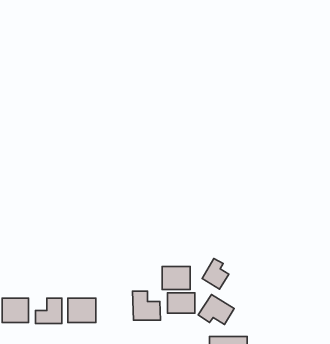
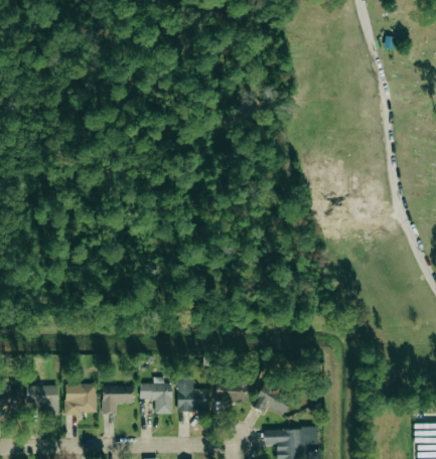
building: [202,259,229,289] -> none
building: [162,267,190,290] -> none
building: none -> [139,384,171,414]

